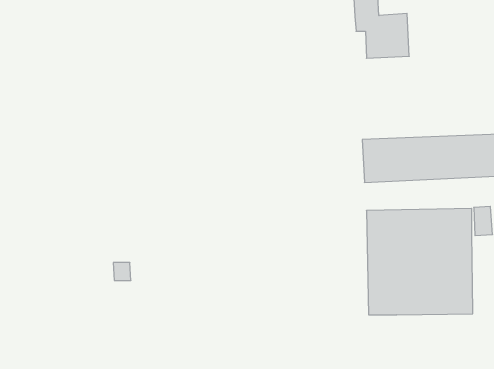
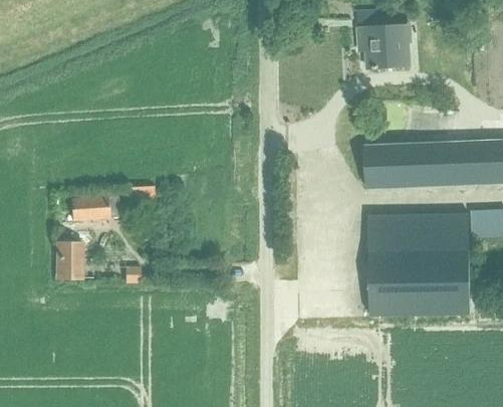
building: none -> [71,196,119,219]
building: none -> [57,241,81,277]

